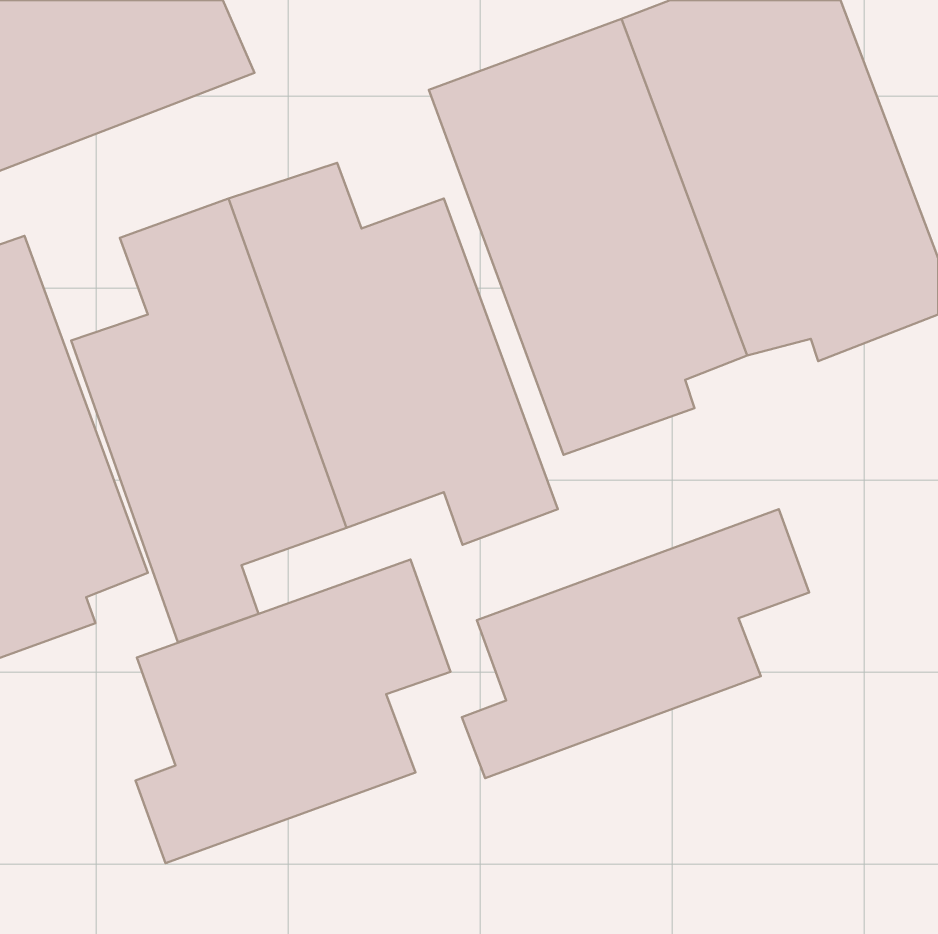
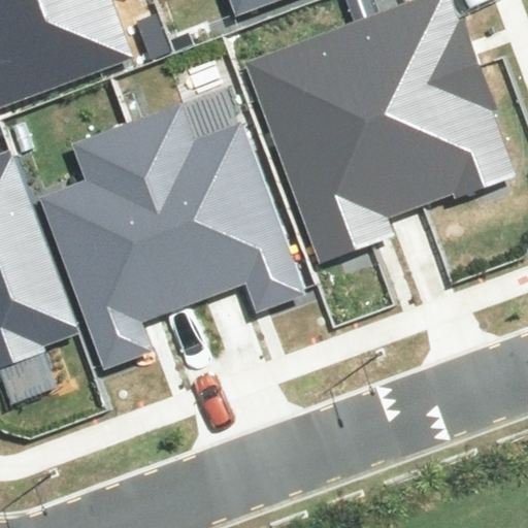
building: [462,509,809,778] -> none
building: [135,559,450,863] -> none

